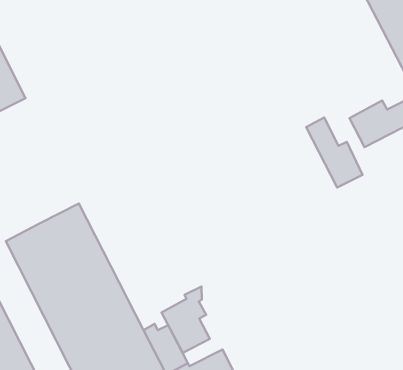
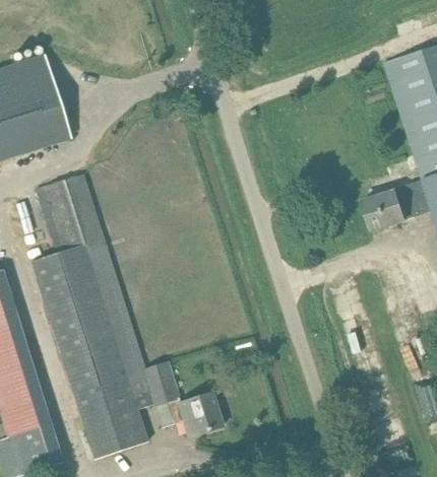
building: [306,118,363,188] -> none
building: none -> [44,173,103,250]
building: [162,287,210,353] -> none

